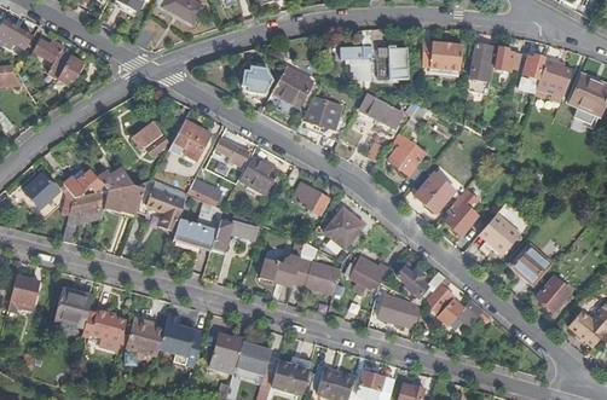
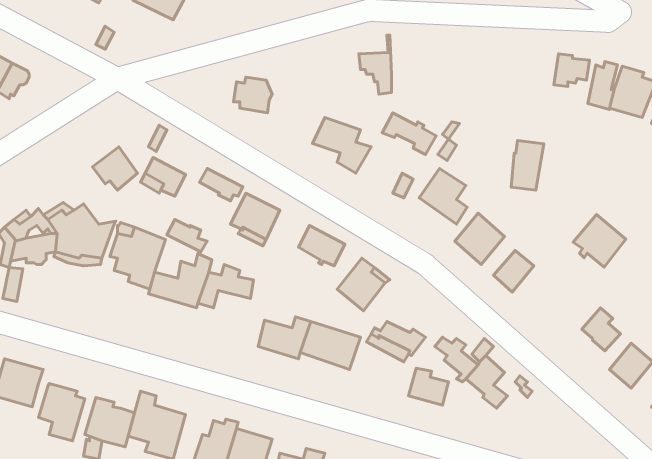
building: [418,41,458,66] -> none
building: [469,45,495,83] -> [511,141,544,190]
building: [377,48,407,79] -> none
building: [272,68,313,106] -> none
building: [478,213,519,254] -> [573,214,626,267]

